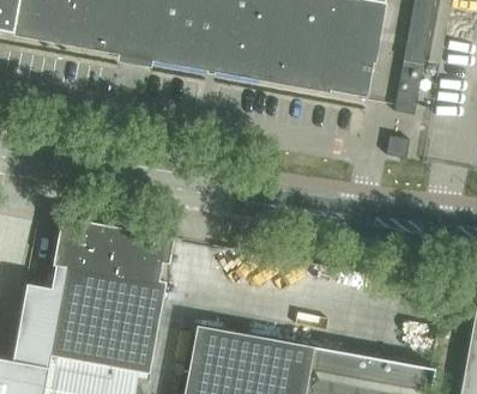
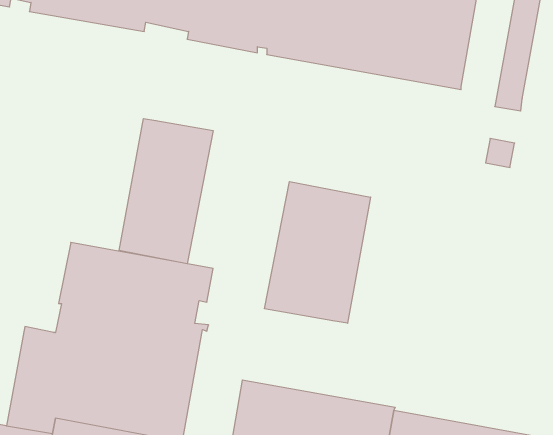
building: none -> [119,119,213,264]
building: none -> [265,182,371,323]

